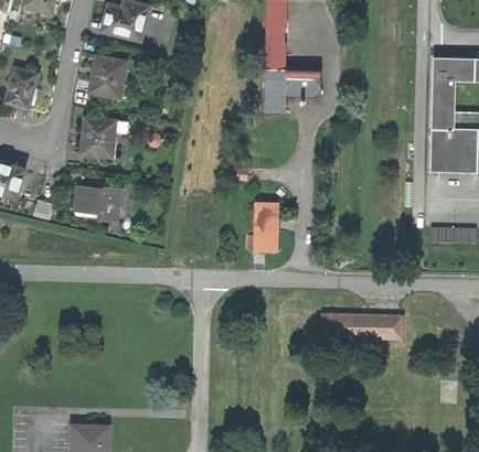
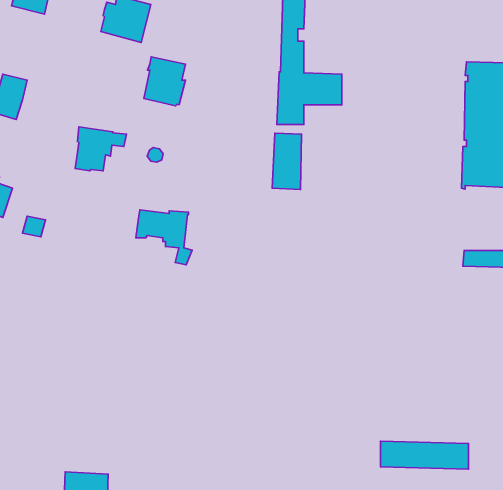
building: [88,55,126,99] -> [144,57,185,106]
building: [72,186,123,236] -> [136,210,192,265]
building: [253,202,279,252] -> [272,133,302,189]
building: [321,314,401,340] -> [380,441,468,469]

